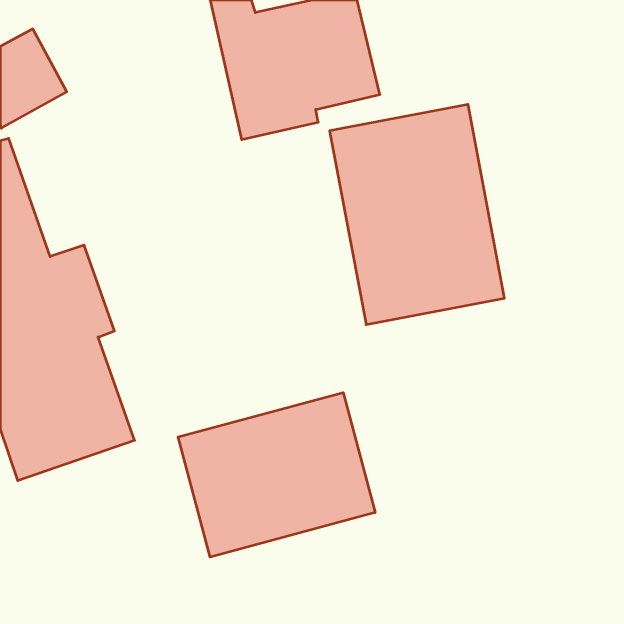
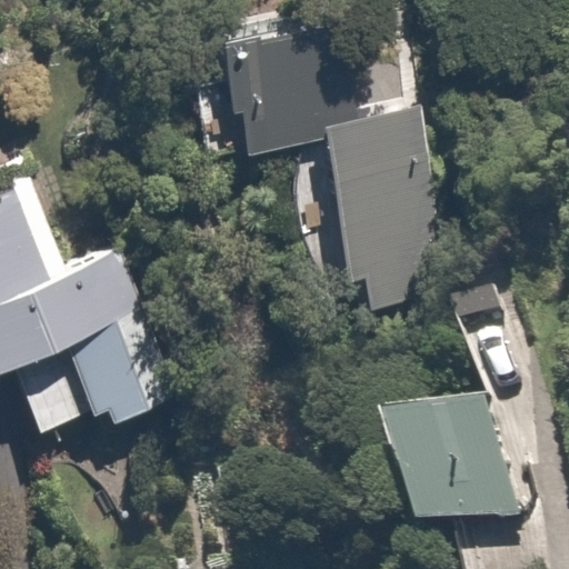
building: [178,393,375,557] -> none
building: none -> [377,382,525,536]

